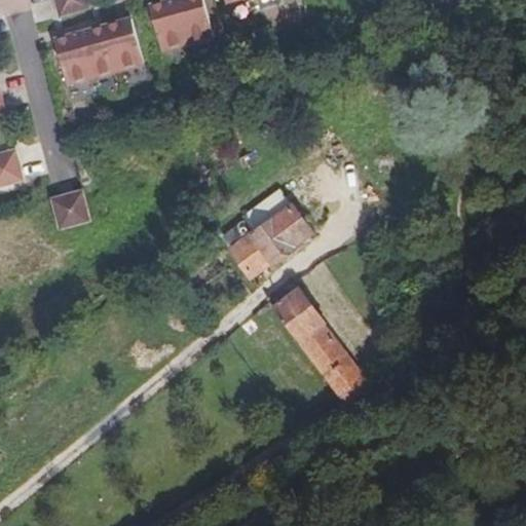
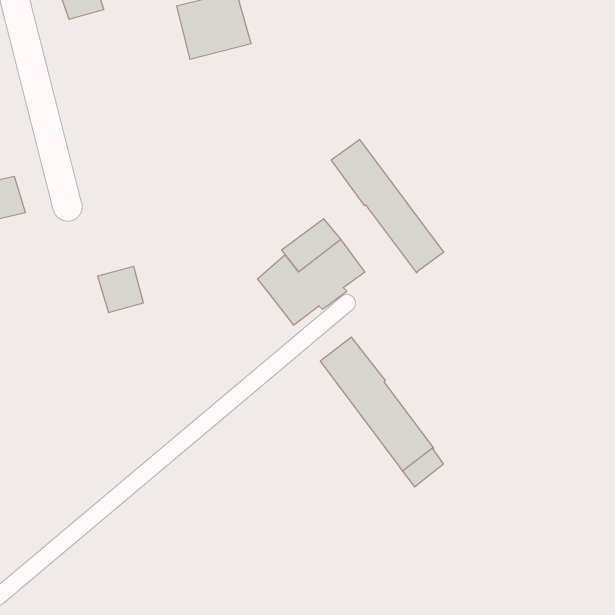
building: [54,18,143,84] -> none
building: none -> [331,139,444,273]
building: [49,188,88,227] -> [98,266,143,312]

